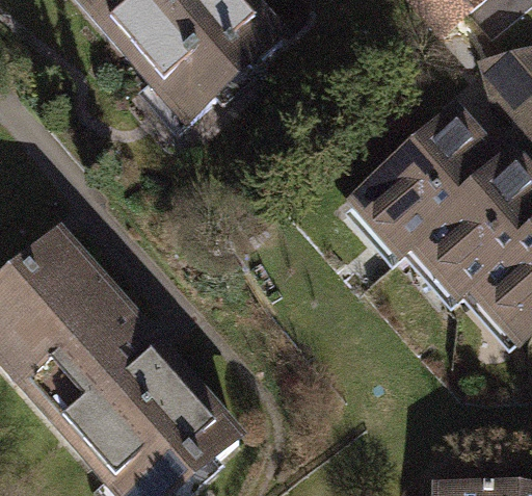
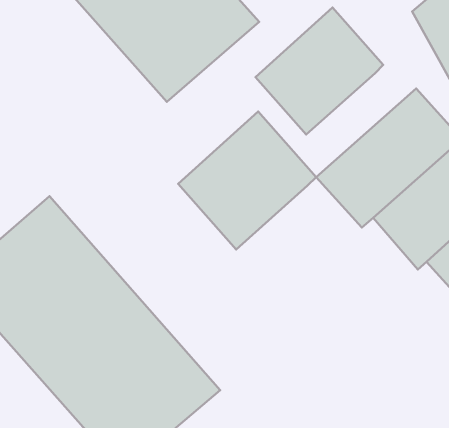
building: none -> [256,8,383,134]
building: none -> [178,112,316,249]

